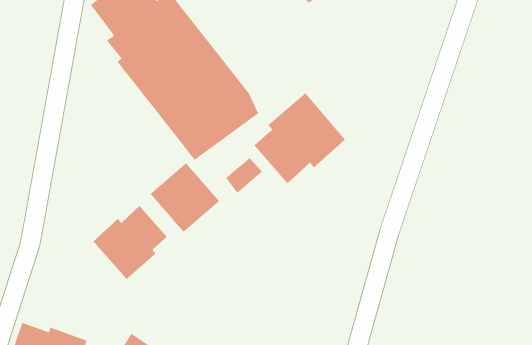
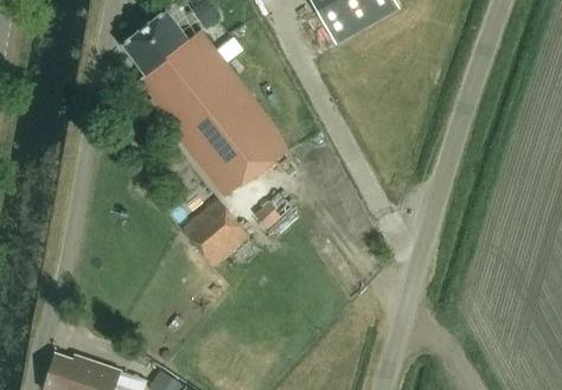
building: [254,92,346,184] -> none
building: [93,205,168,280] -> none

